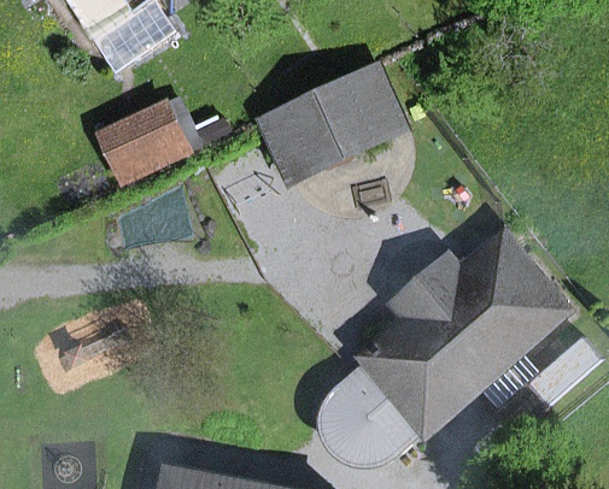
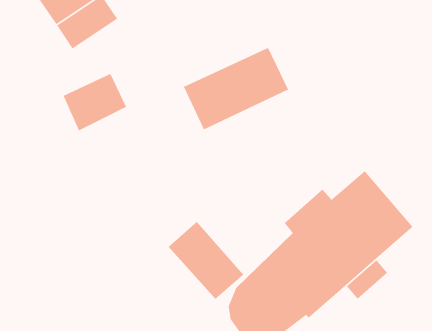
building: none -> [168,221,244,300]

